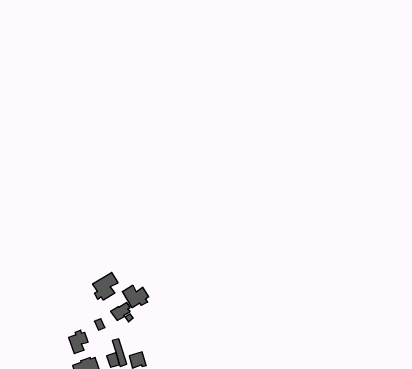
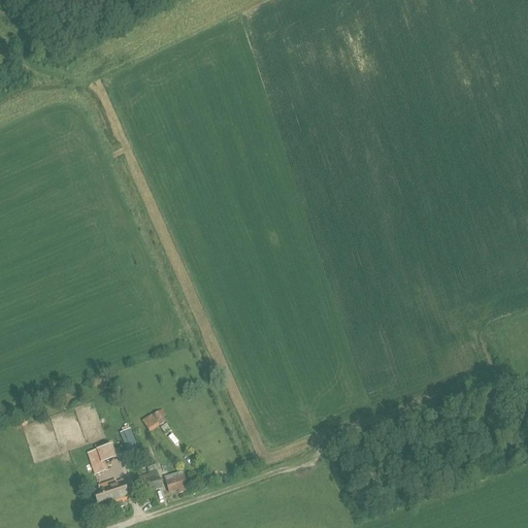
building: [93,272,118,300] -> none
building: [122,285,149,308] -> none

